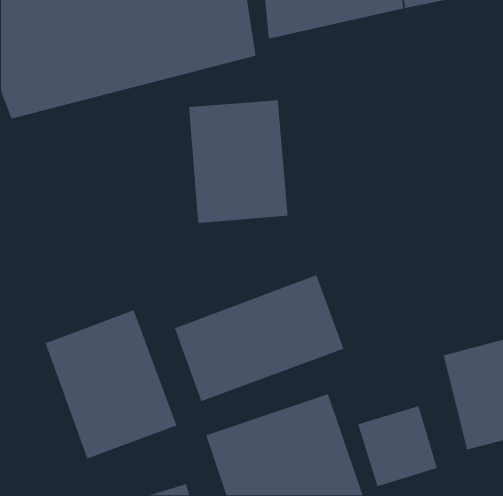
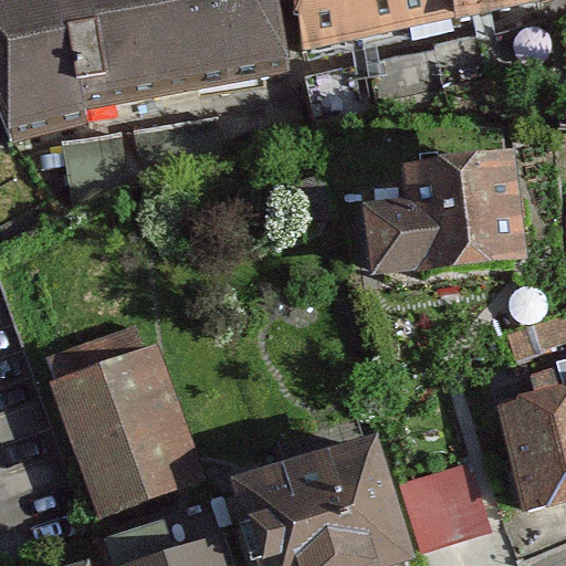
building: [188,99,289,224] -> none
building: none -> [365,158,520,275]
building: [174,274,345,402] -> none

